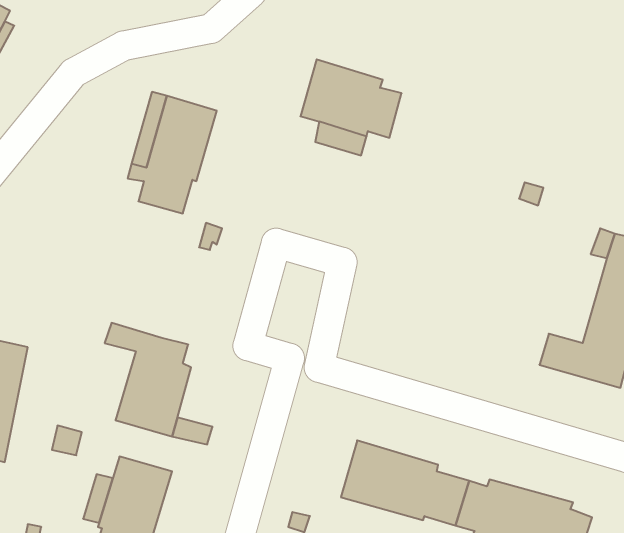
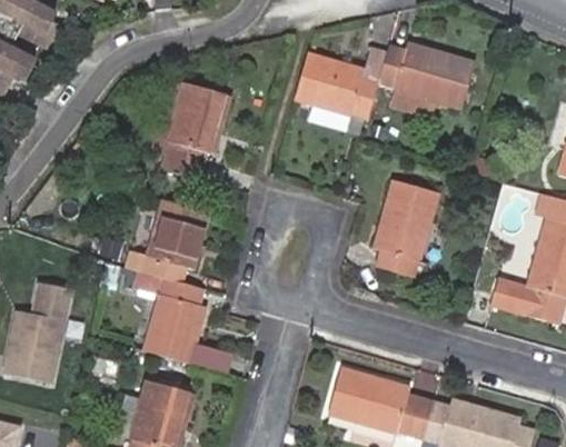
building: none -> [369,41,475,121]
building: none -> [375,180,438,276]
building: none -> [127,198,210,281]

